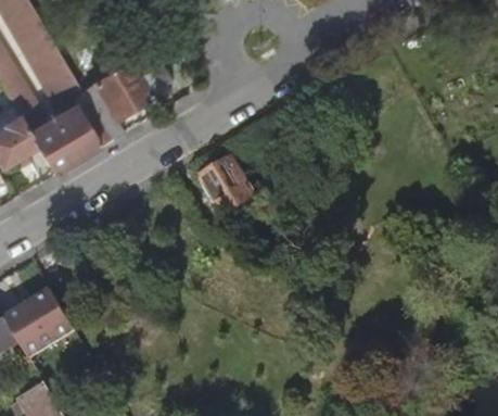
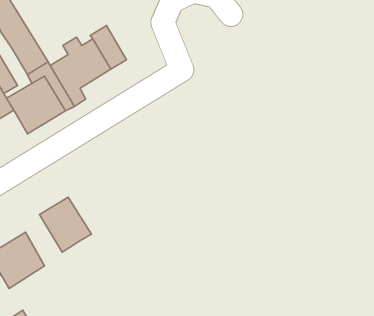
building: [201,155,254,210] -> none
building: none -> [39,197,91,252]

